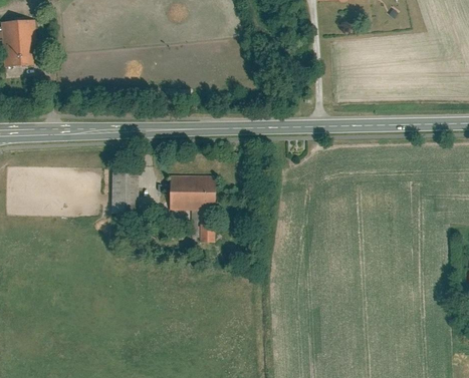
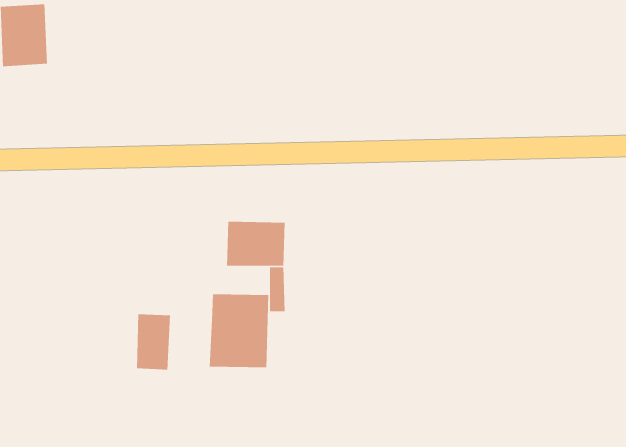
building: [111,173,137,215] -> [136,314,171,370]
building: none -> [209,293,269,368]

